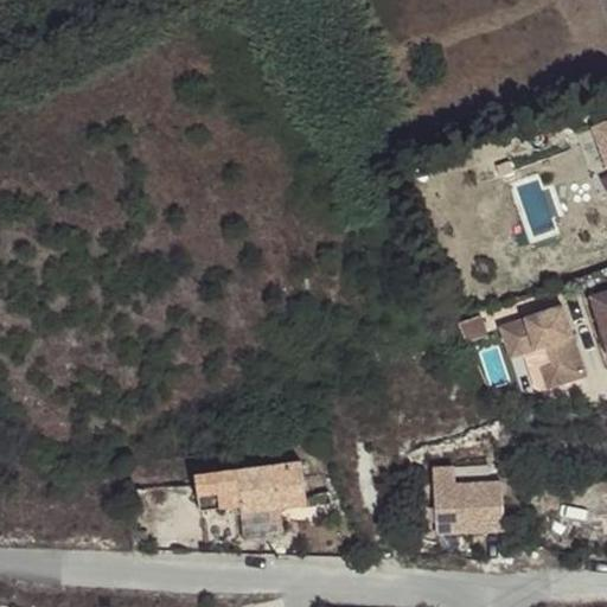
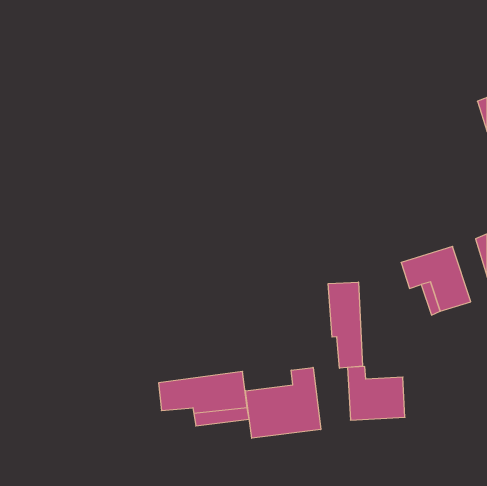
building: none -> [328,282,363,368]
building: none -> [246,367,321,438]

